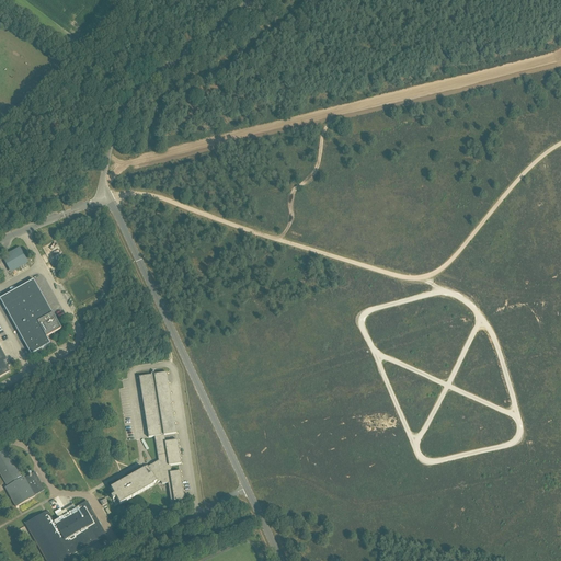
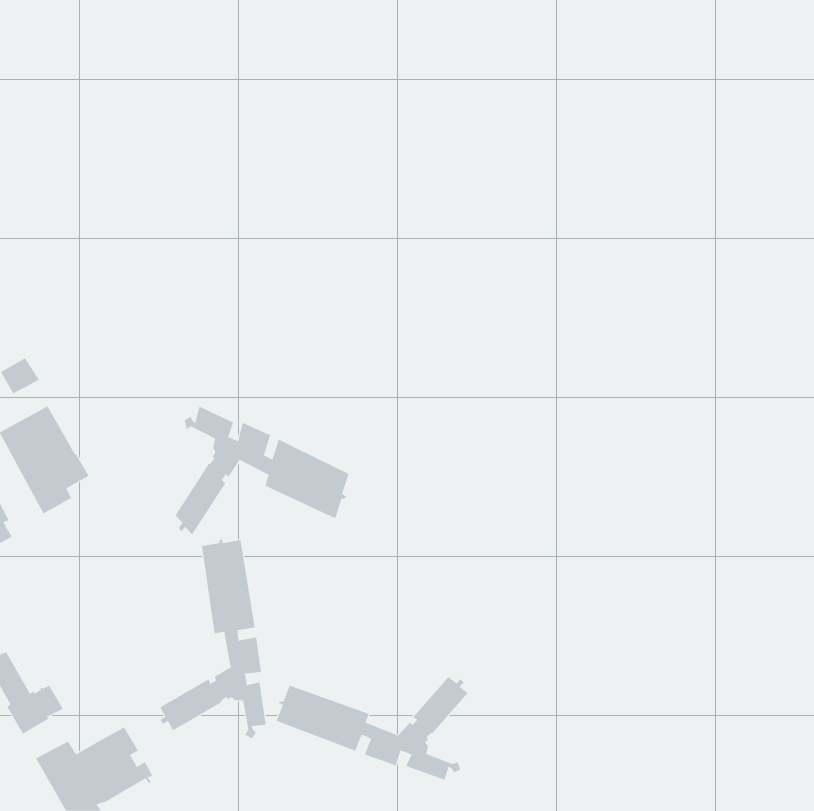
building: none -> [175,406,349,535]
building: none -> [276,676,469,781]

